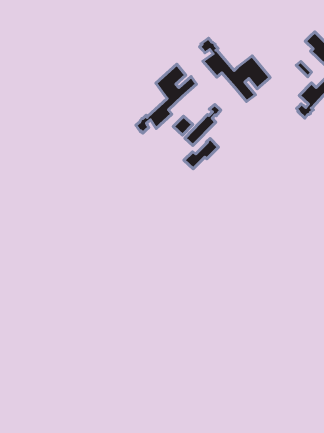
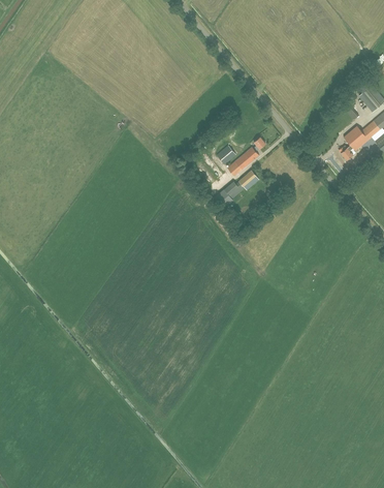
building: [199,38,270,102] -> none
building: [136,64,196,133] -> none

